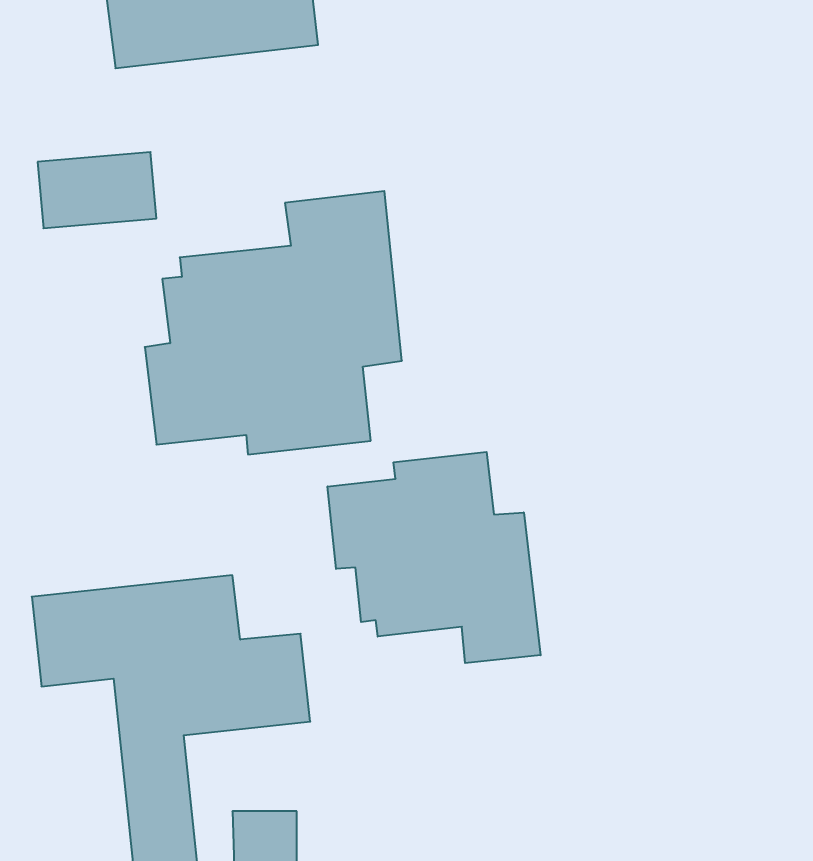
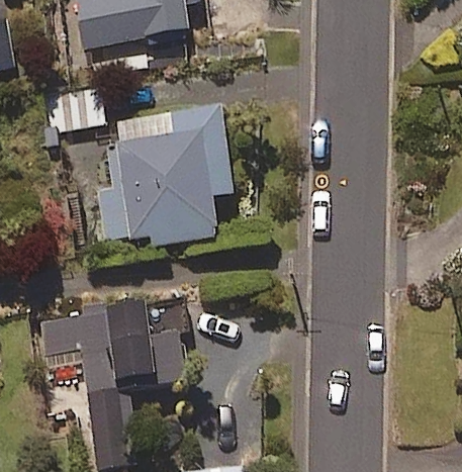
building: [328,452,541,663] -> none

